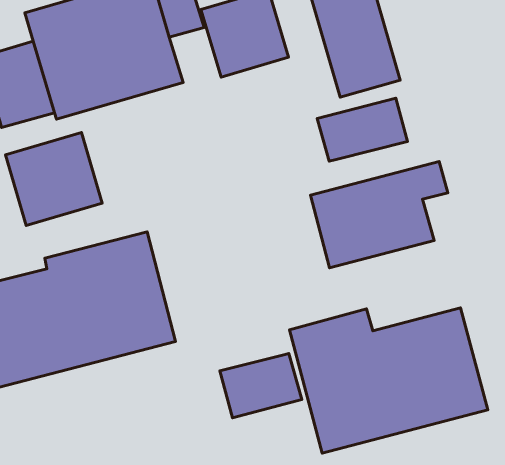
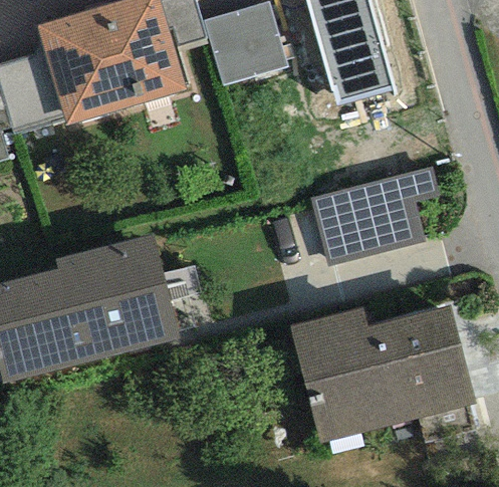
building: [317,98,407,161] -> none
building: [6,133,102,226] -> none
building: [220,354,302,418] -> none

